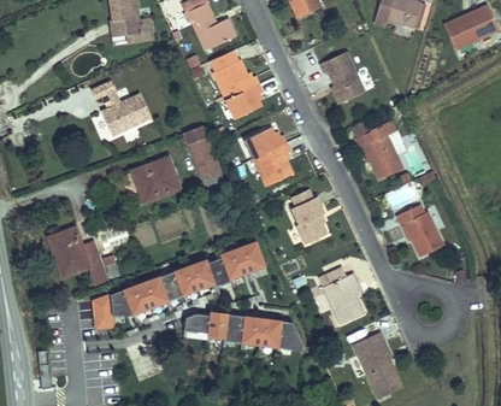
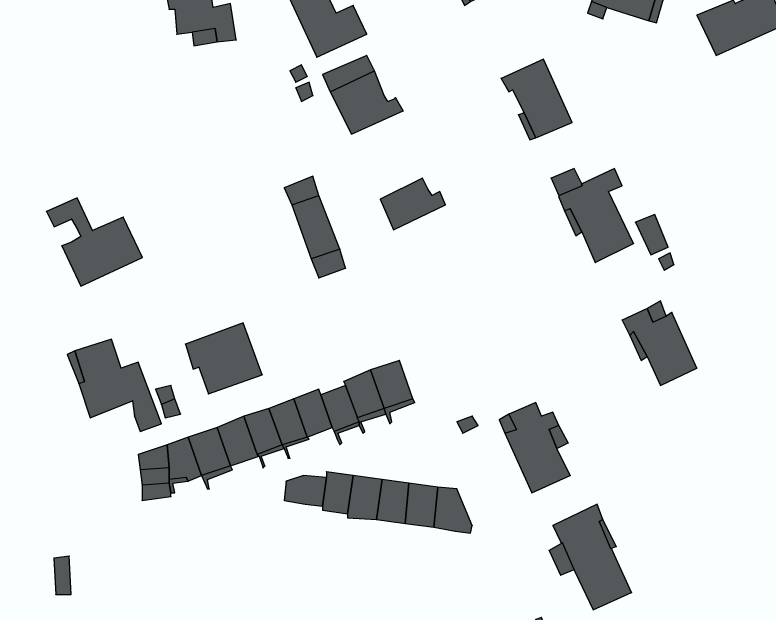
building: [92,81,152,136] -> [46,198,142,286]
building: [226,84,263,118] -> none
building: [253,143,293,186] -> none
building: [132,157,181,201] -> [185,323,262,394]
building: [291,190,328,243] -> none

